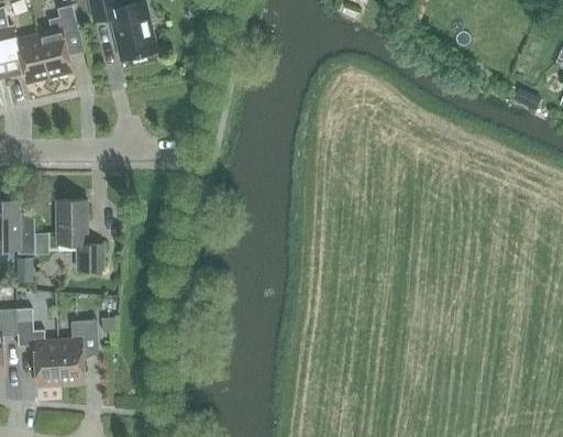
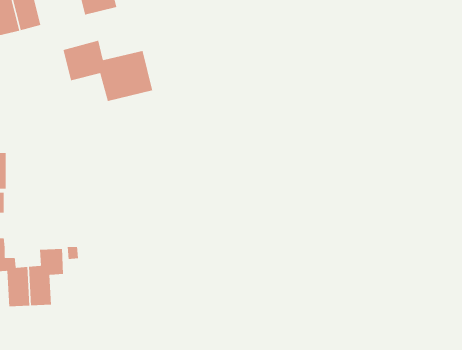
building: none -> [63,40,153,102]
building: [56,200,103,271] -> none

